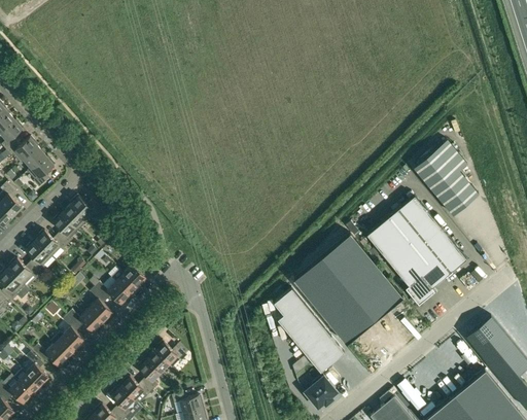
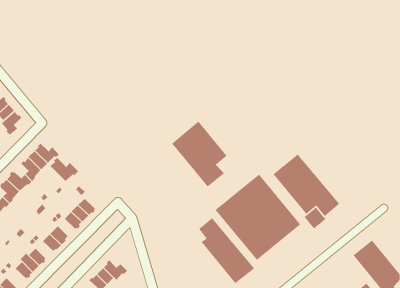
building: [413,140,478,215] -> none
building: none -> [171,120,228,188]
building: [398,197,466,273] -> none
building: none -> [49,157,79,182]

